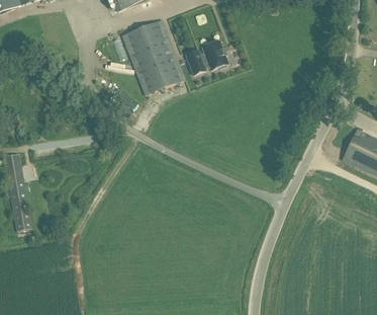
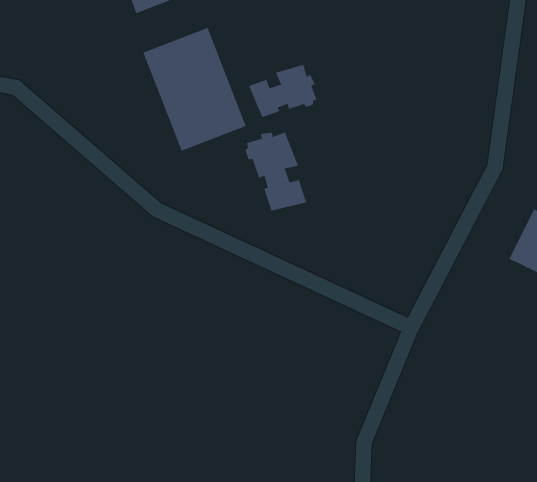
building: none -> [245,131,307,211]

